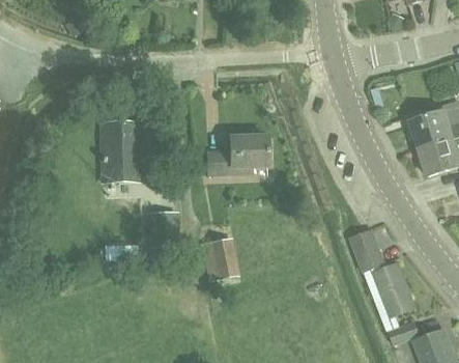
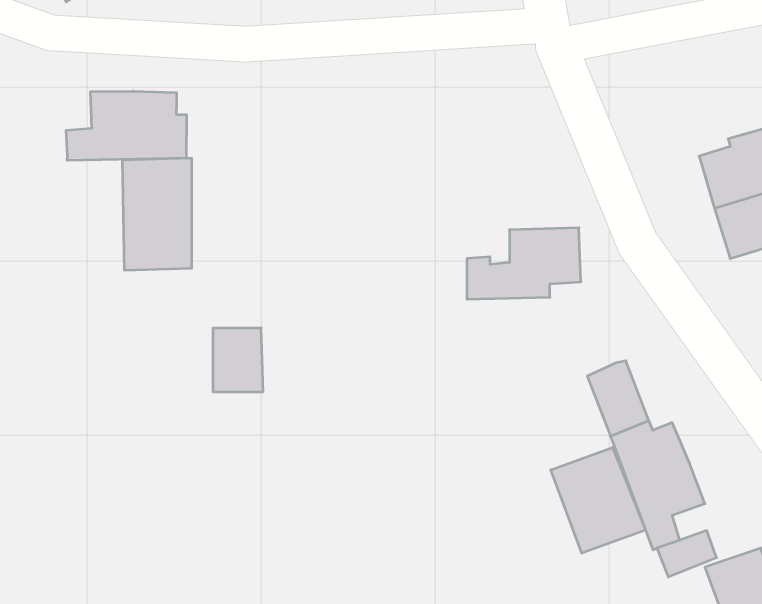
building: none -> [66,91,186,160]
building: [205,135,266,173] -> [467,228,581,299]
building: [200,235,237,279] -> none
building: none -> [551,447,645,553]

